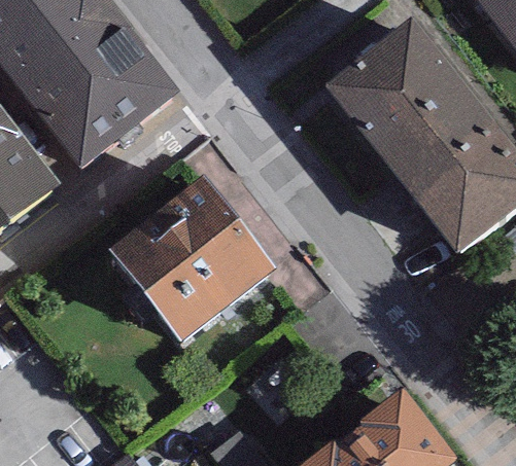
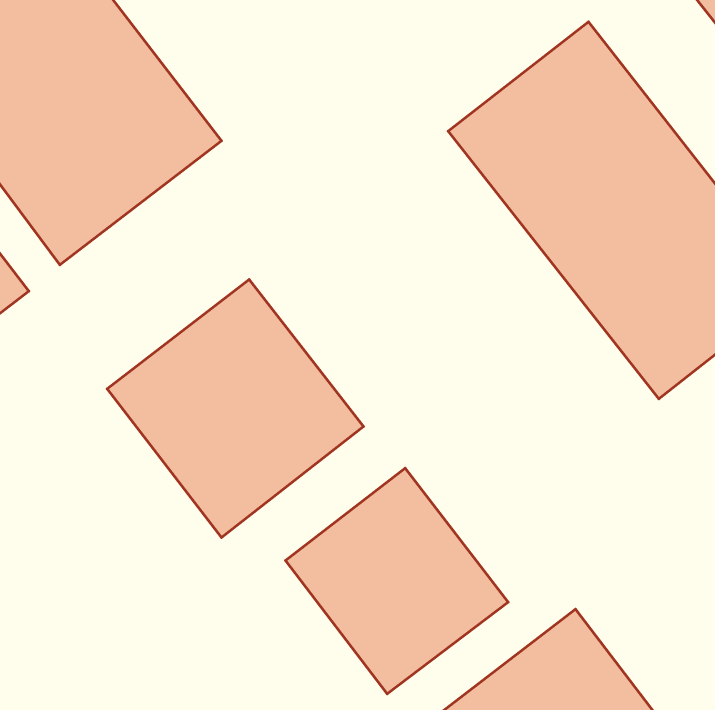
building: none -> [285,468,508,694]

